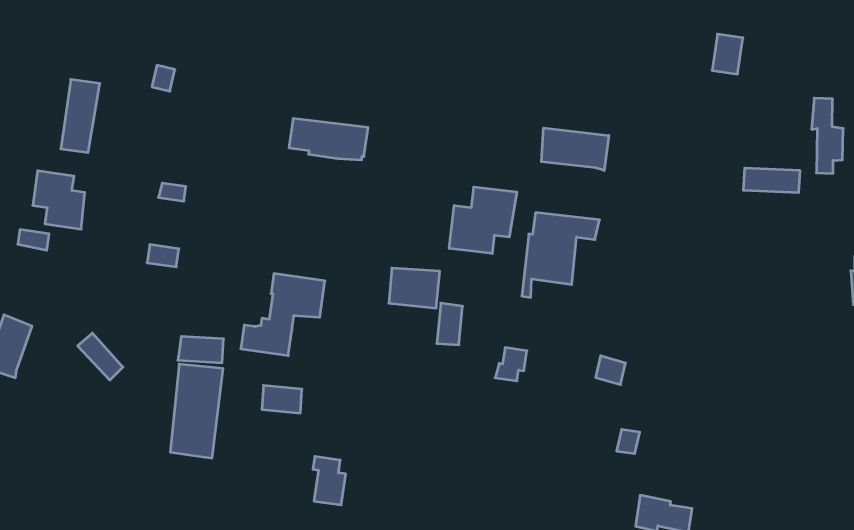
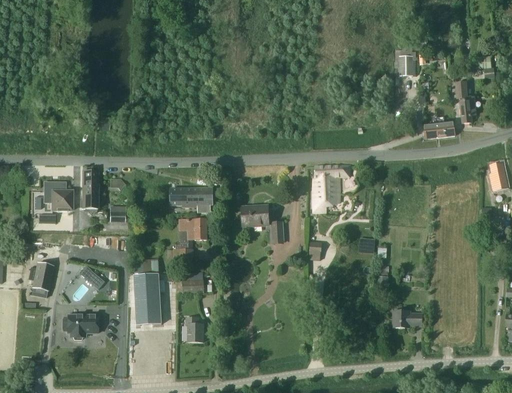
building: [61,79,100,153] -> [82,171,98,209]
building: [289,119,368,160] -> [171,188,212,207]
building: [541,128,609,171] -> none
building: [449,187,517,254] -> none
building: none -> [62,315,97,340]
building: [313,456,346,505] -> [185,317,203,341]

